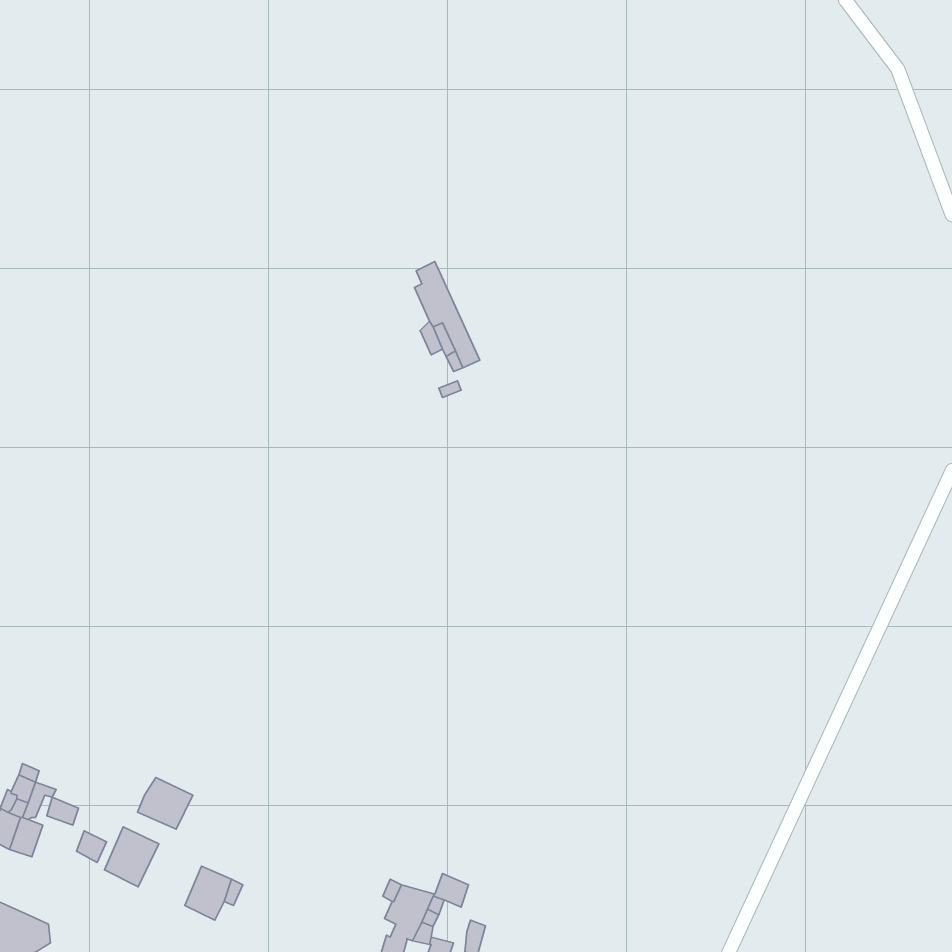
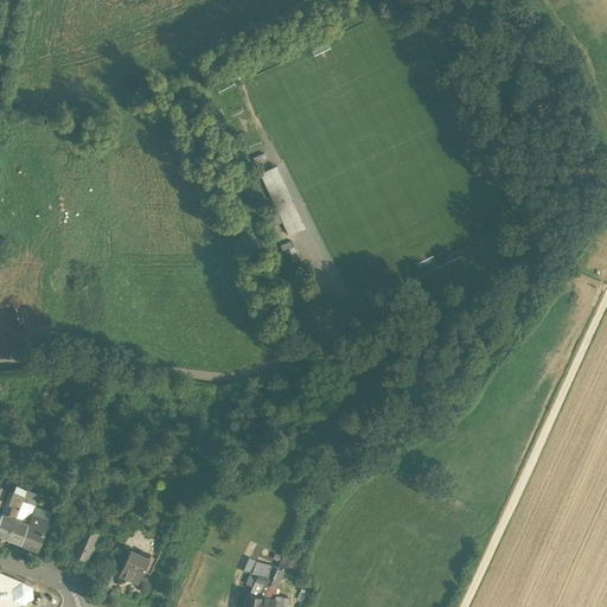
building: [138,777,193,829] -> none
building: none -> [19,519,46,552]

